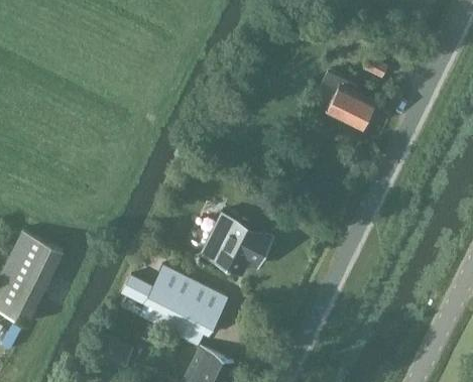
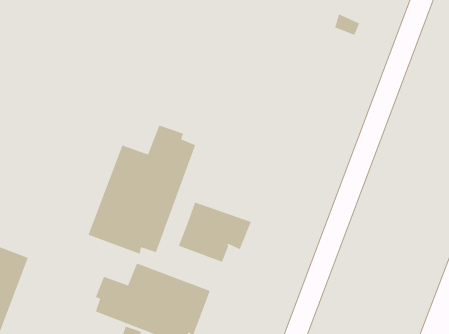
building: [319,73,374,128] -> none
building: none -> [88,124,196,255]

